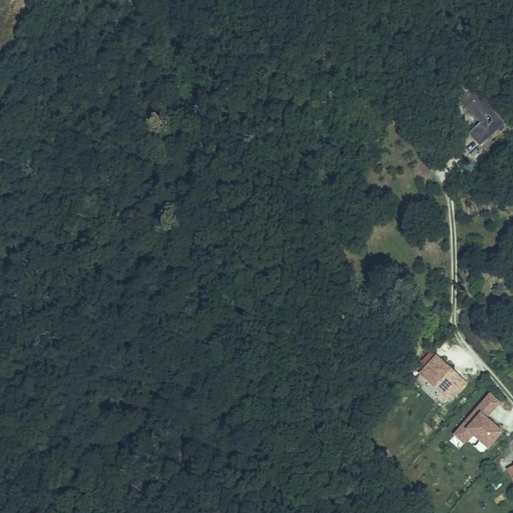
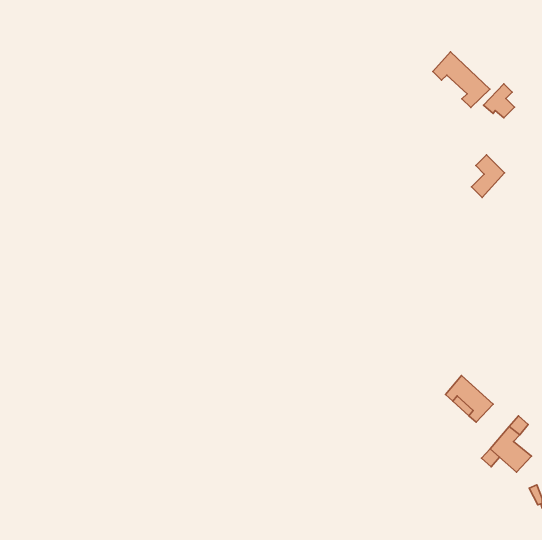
building: none -> [433,52,490,108]
building: [472,101,503,141] -> [472,155,504,197]

